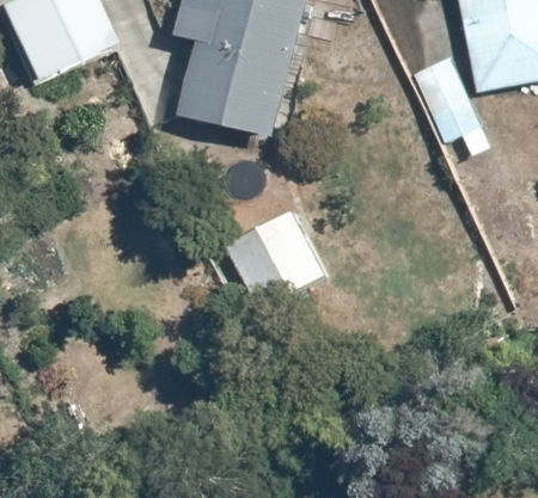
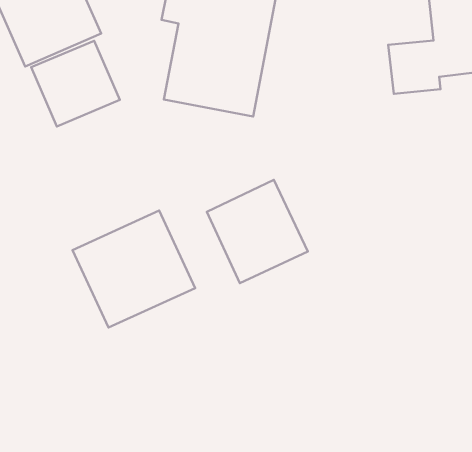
building: none -> [31,41,120,126]
building: none -> [72,211,195,327]

